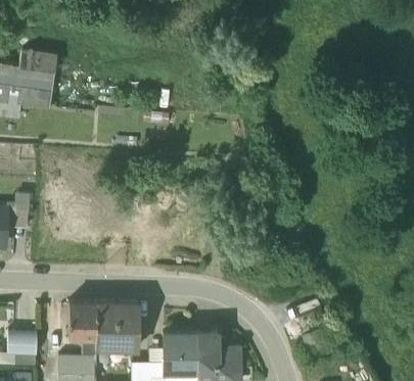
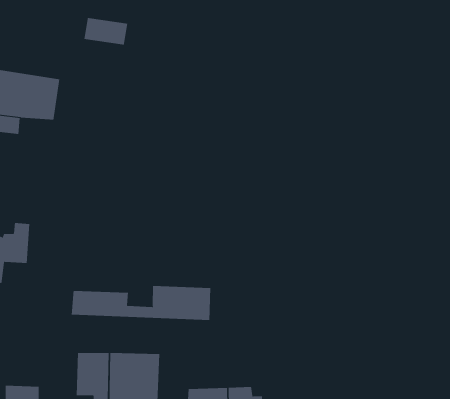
building: [19,47,57,70] -> [83,18,128,45]
building: none -> [71,285,211,321]

